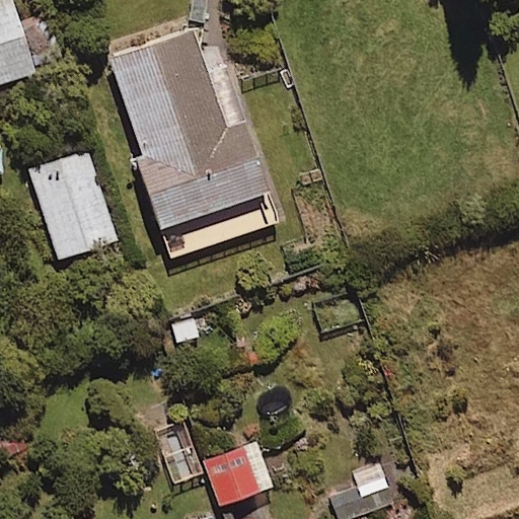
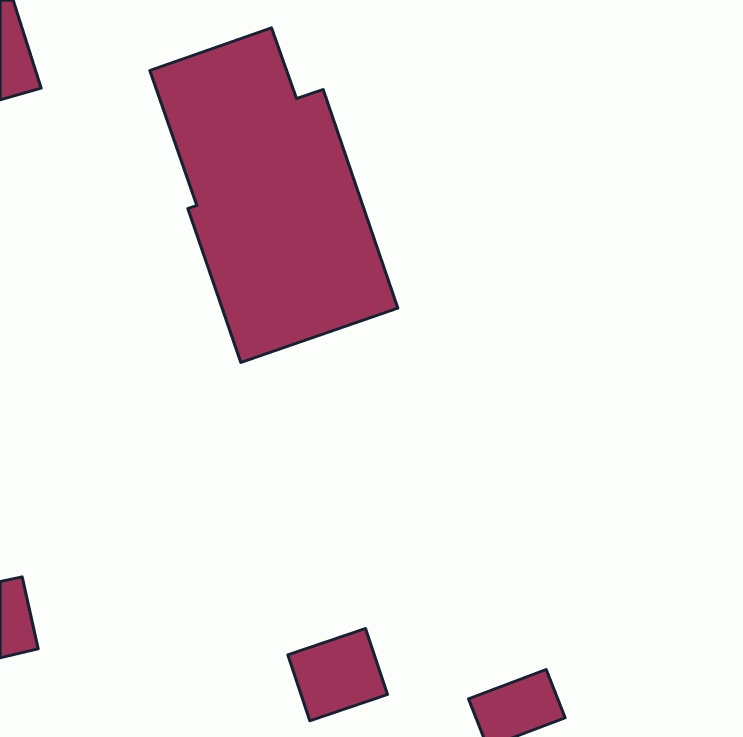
building: [28,150,116,256] -> none

